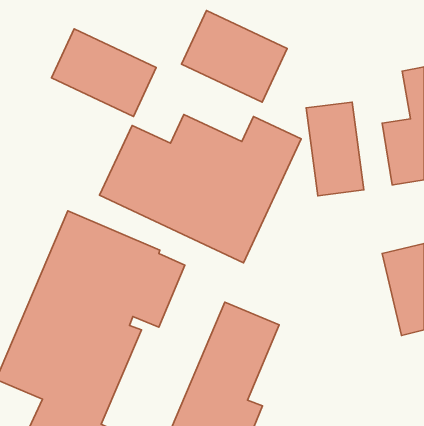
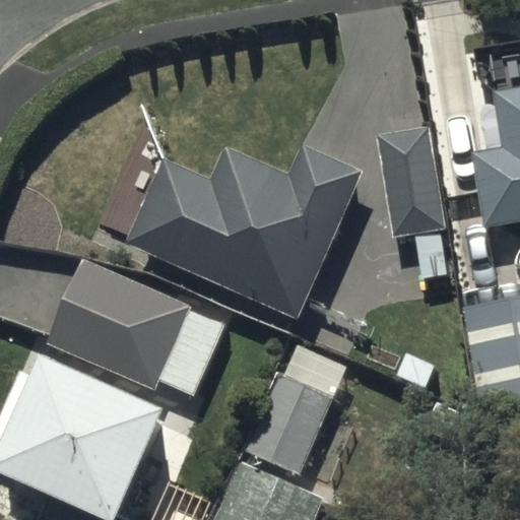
building: [181,10,287,102] -> none
building: [52,29,156,116] -> none

